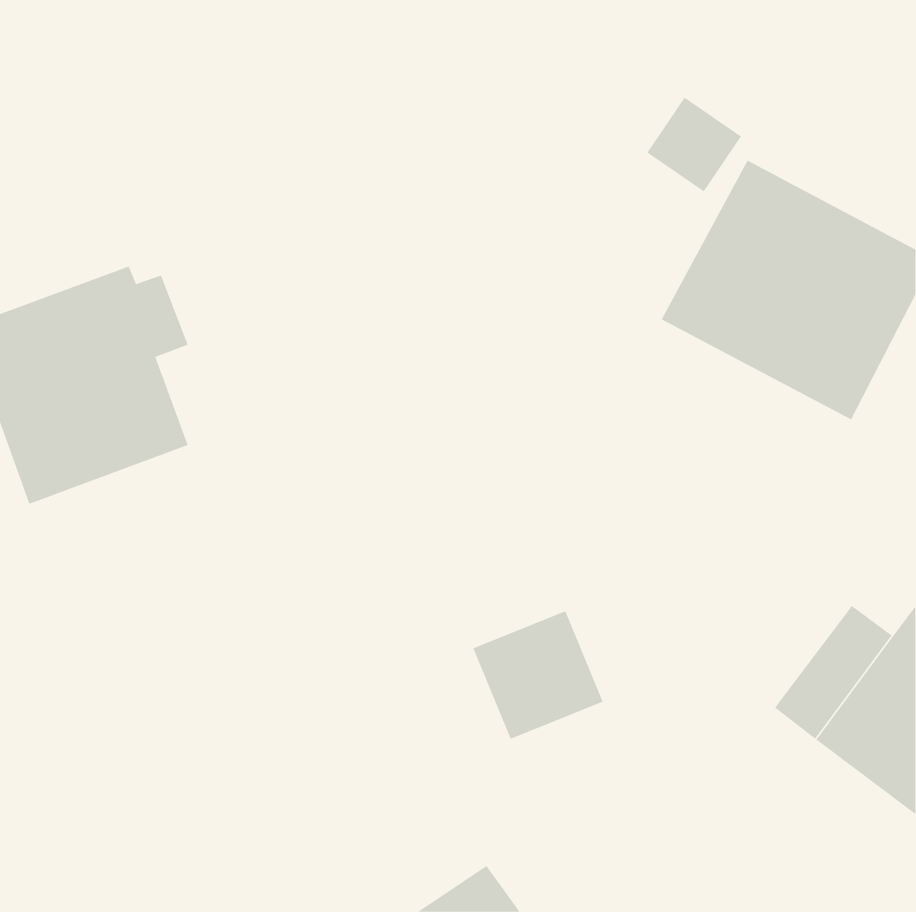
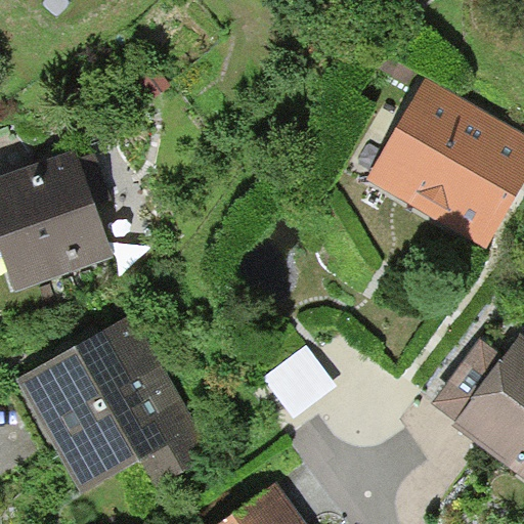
building: none -> [17,315,211,491]

